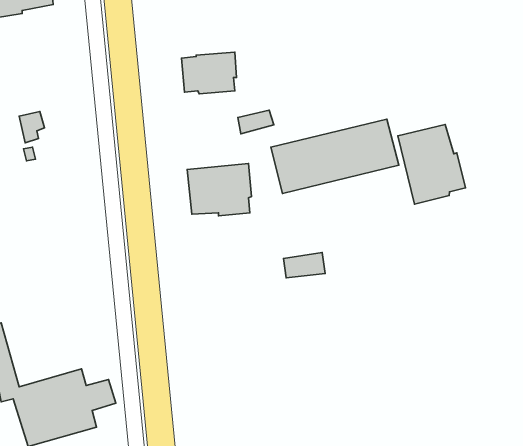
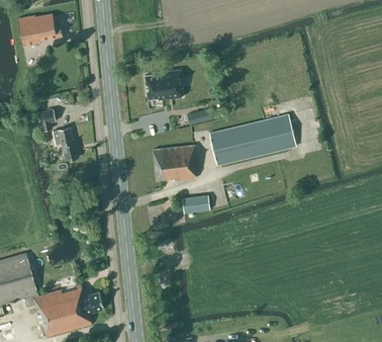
building: [398,124,465,204] -> none
building: none -> [53,126,78,160]
building: [283,253,325,278] -> [182,194,210,211]

